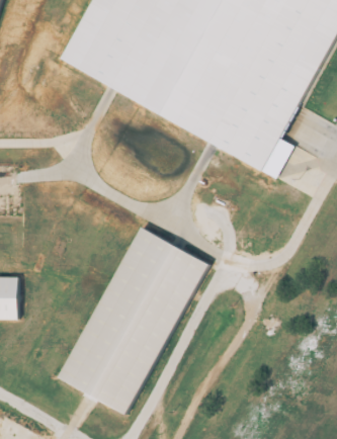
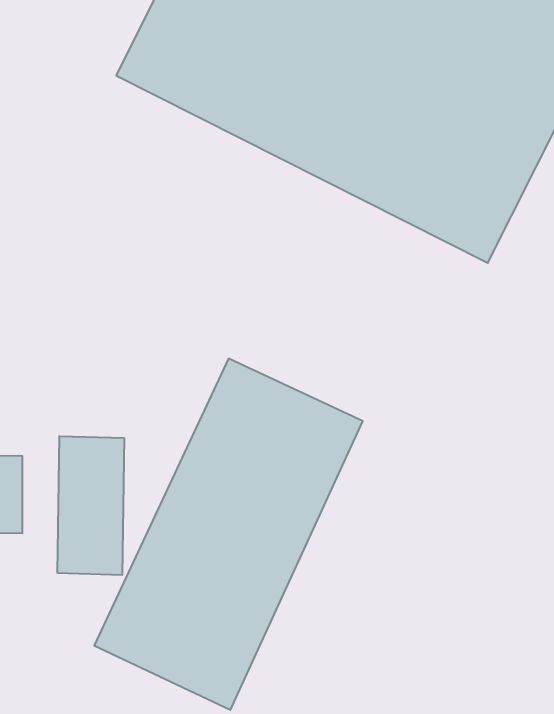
building: none -> [58,436,124,575]

